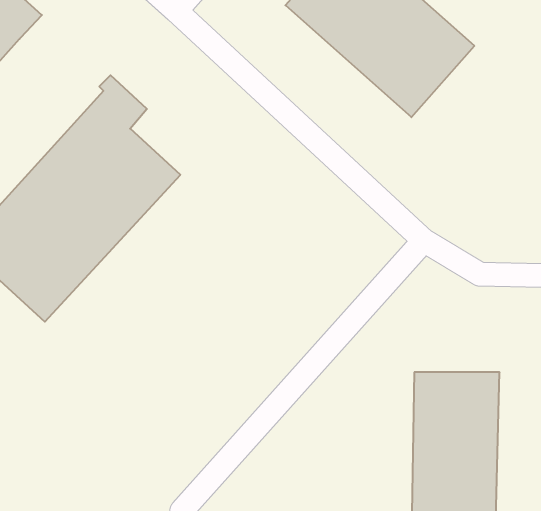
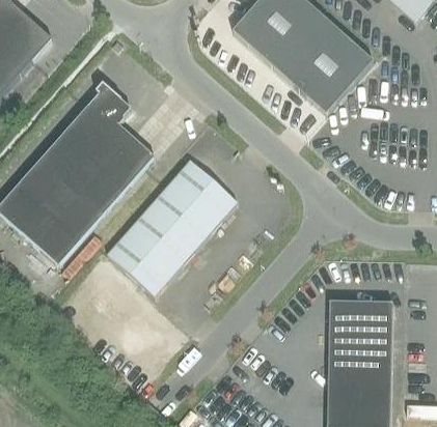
building: none -> [108,160,238,295]

